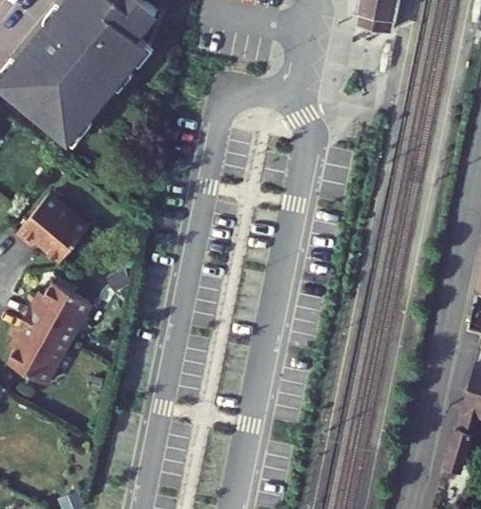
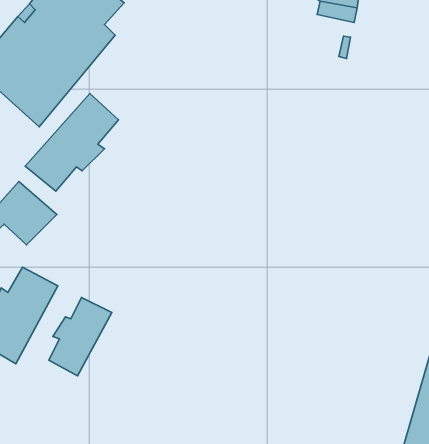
building: none -> [25,94,119,191]
building: none -> [49,298,112,376]

